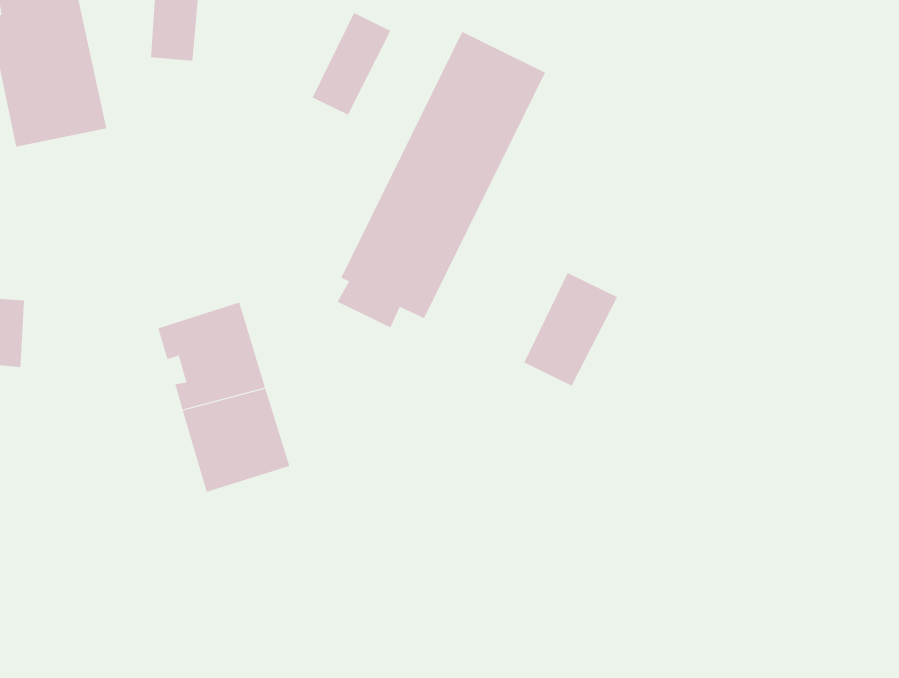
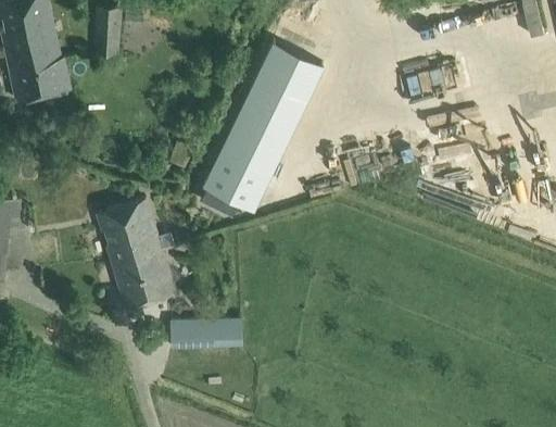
building: [312,12,391,115] -> none
building: [524,272,618,386] -> none
building: none -> [172,319,230,348]

